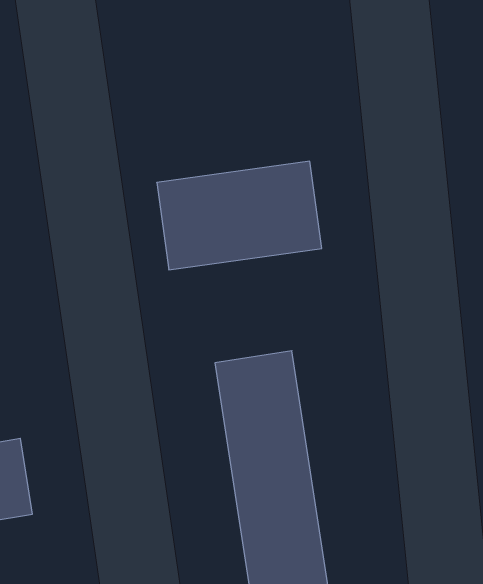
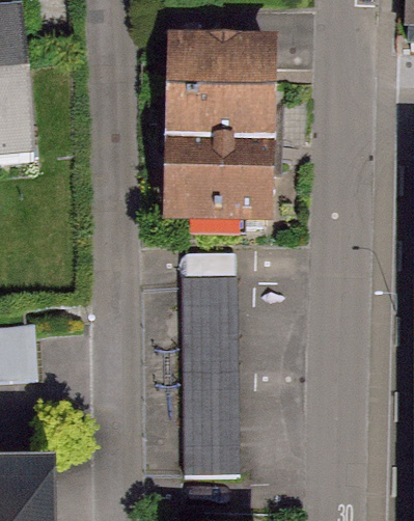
building: none -> [156,54,269,152]

